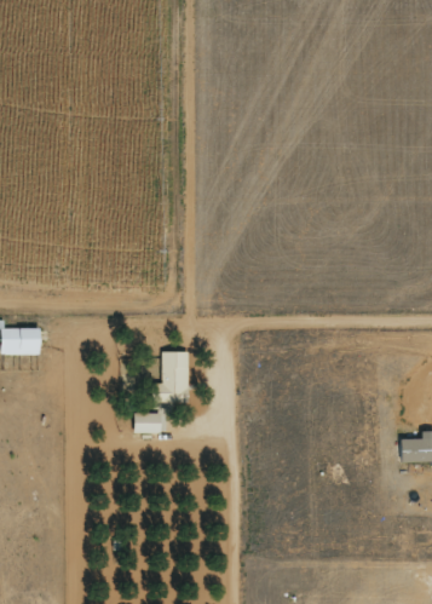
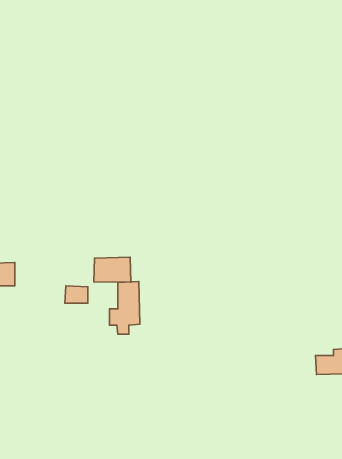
building: none -> [94,257,131,282]
building: [133,412,161,432] -> [65,286,88,303]

